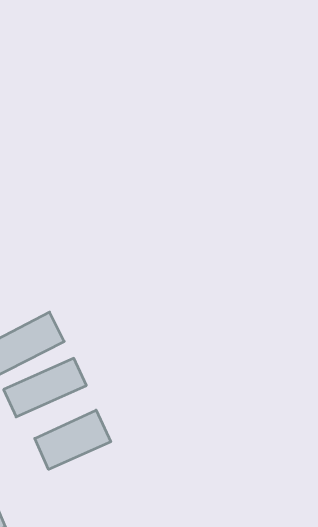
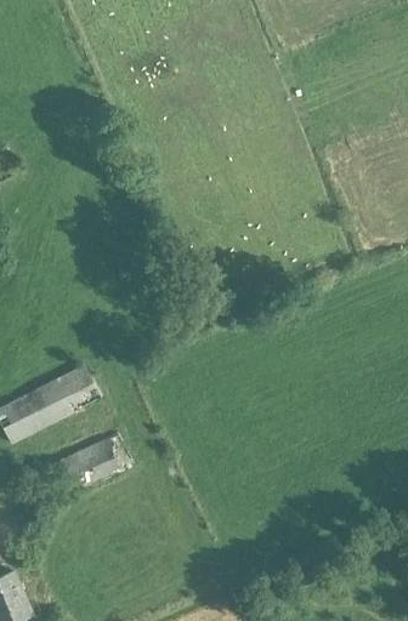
building: [35,410,111,469] -> none

